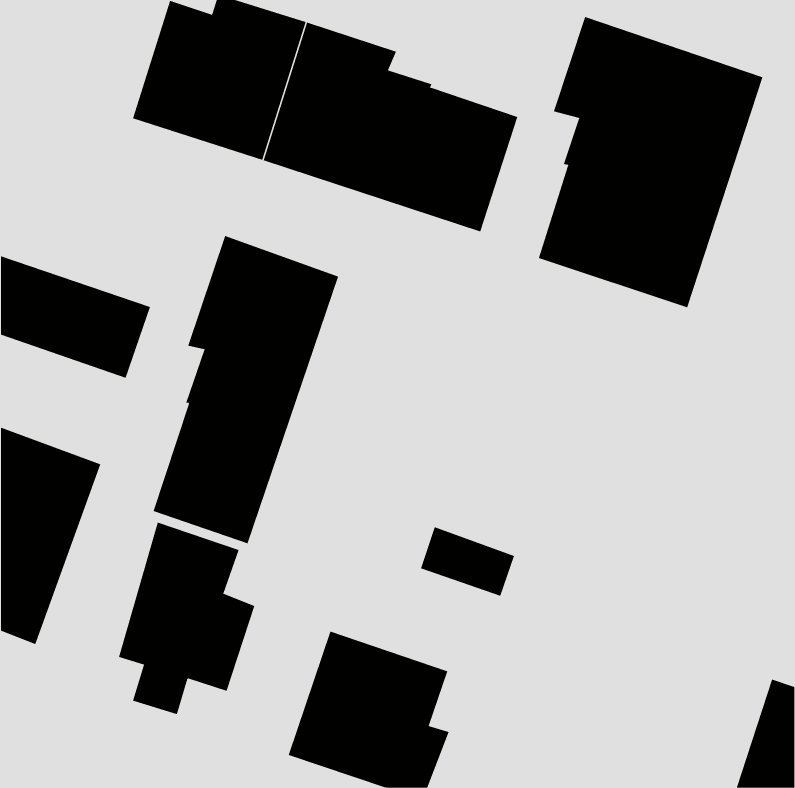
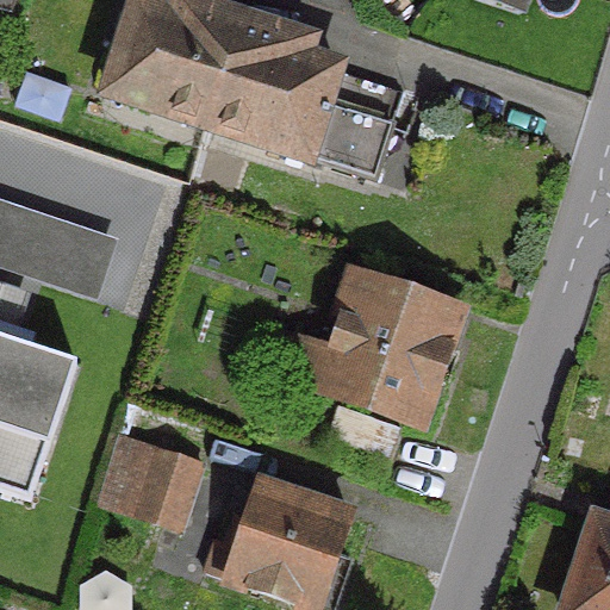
building: [538,16,763,308] -> none
building: [153,235,339,544] -> none
building: none -> [259,279,450,419]

